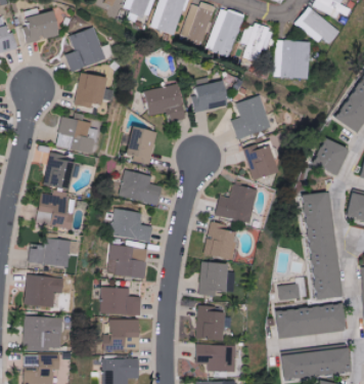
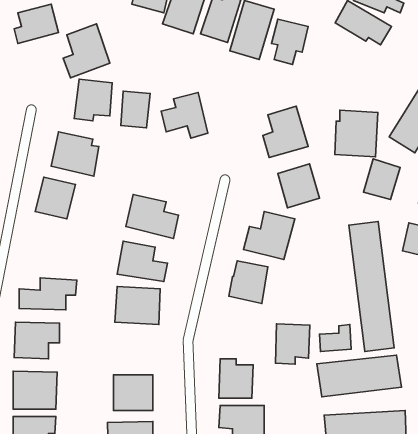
building: [273,40,309,79] -> [335,110,378,157]
building: [190,82,228,110] -> none
building: [129,127,153,158] -> [121,91,150,128]
building: [37,195,73,227] -> none
building: [198,262,227,296] -> [275,324,310,364]
building: [100,287,141,314] -> none

